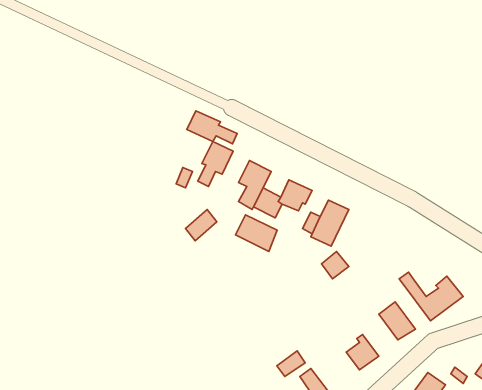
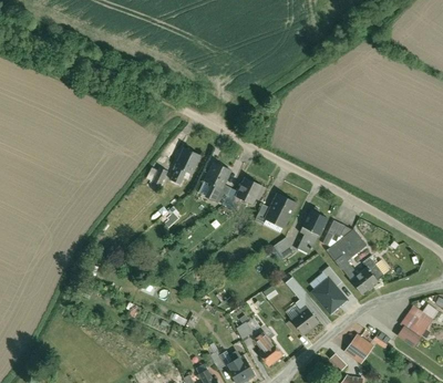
building: [187,111,237,144] -> none
building: [236,215,277,251] -> none
building: none -> [297,210,324,253]
building: none -> [326,228,367,260]

